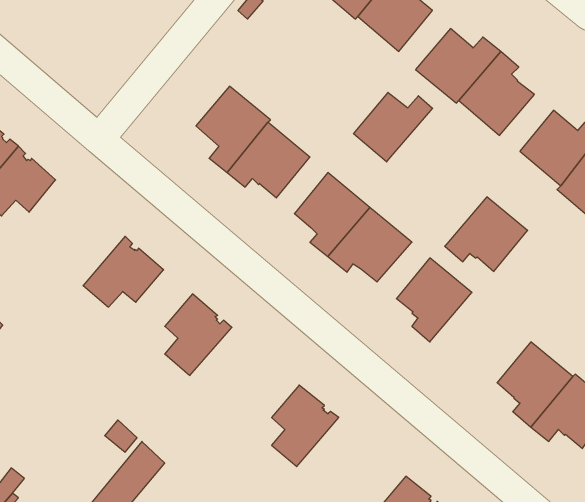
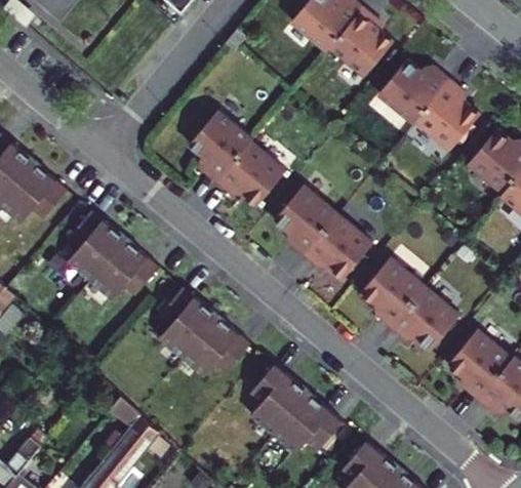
building: [354,92,433,162] -> none
building: [445,197,528,271] -> [388,286,458,350]
building: none -> [70,210,127,280]
building: none -> [183,316,250,375]
building: none -> [274,393,343,453]

